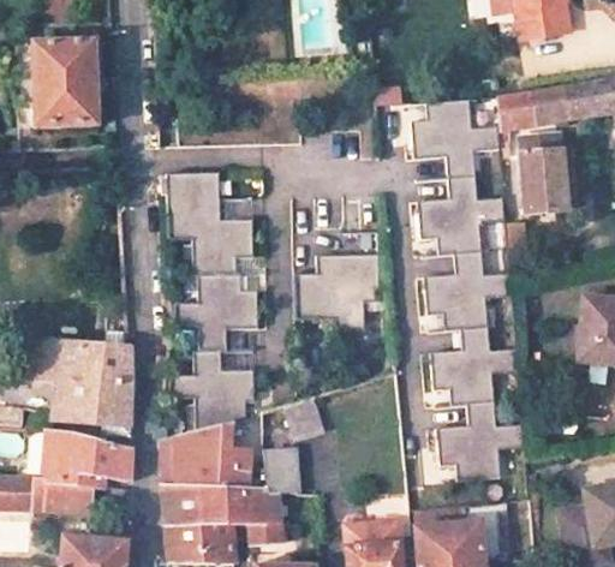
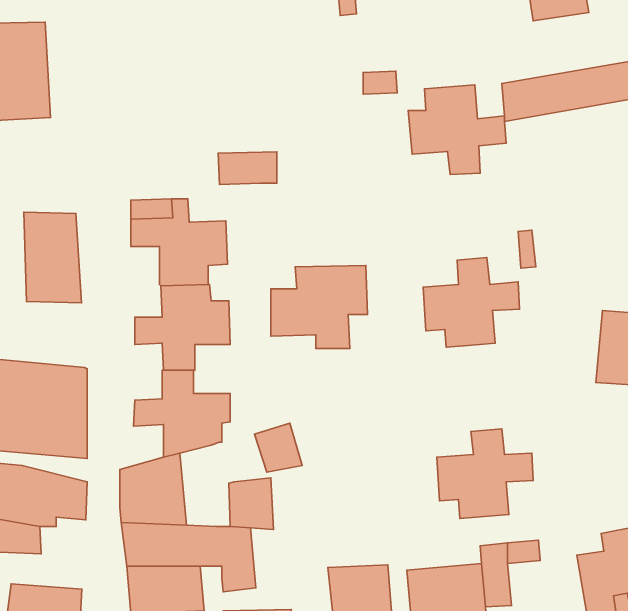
building: [521,138,567,216] -> none
building: [168,171,220,199] -> [218,152,277,185]
building: [420,175,507,253] -> none
building: none -> [24,212,81,303]
building: [434,326,519,405] -> none
building: [213,413,247,488] -> none

